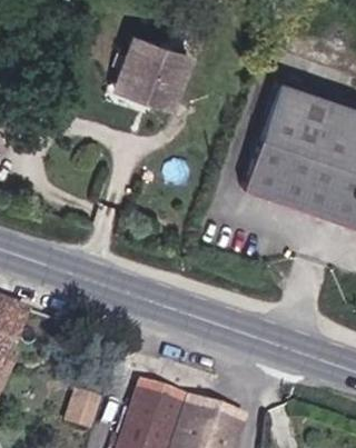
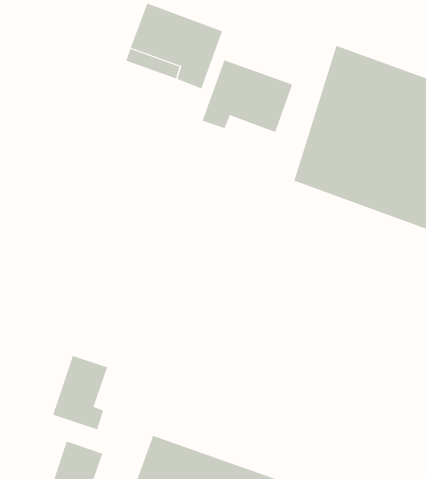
building: none -> [202,59,293,133]
building: none -> [52,355,108,430]

